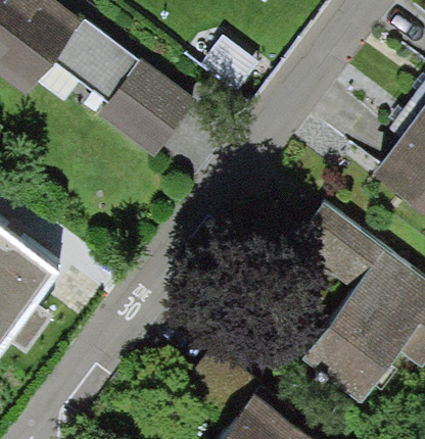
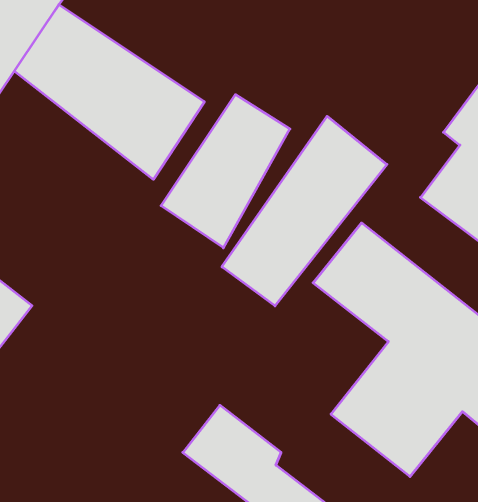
building: none -> [161,95,290,248]
building: none -> [222,116,387,306]

